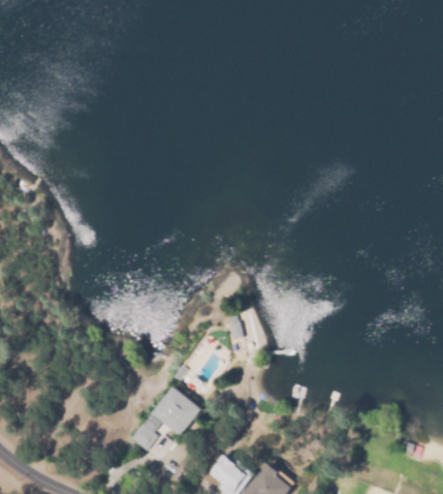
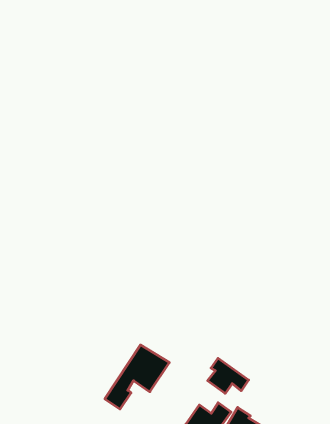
building: none -> [208,358,249,393]

